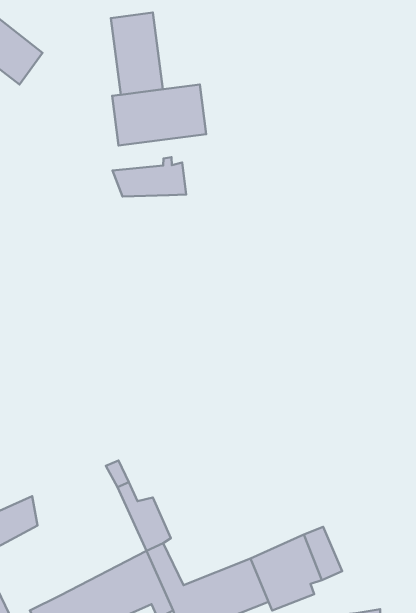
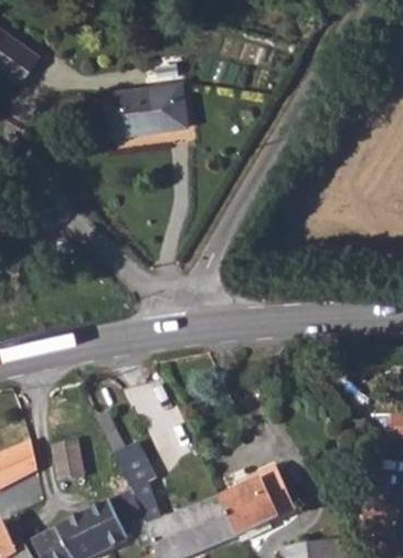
building: [111,13,163,95] -> none
building: [113,157,186,197] -> none
building: none -> [49,432,82,481]

